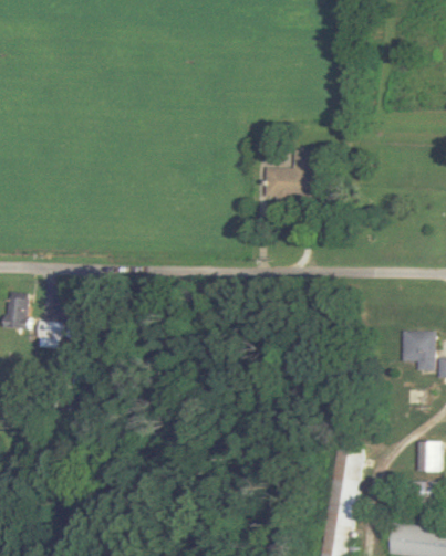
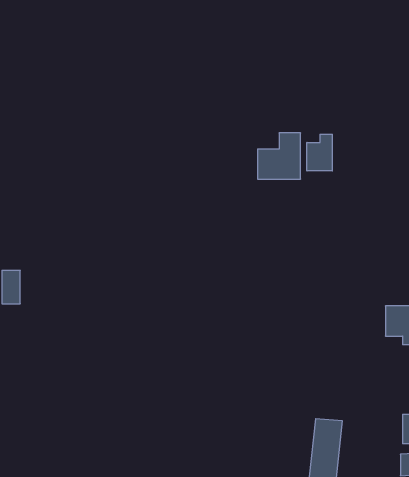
building: none -> [307,134,332,171]
building: [37,321,60,348] -> none

